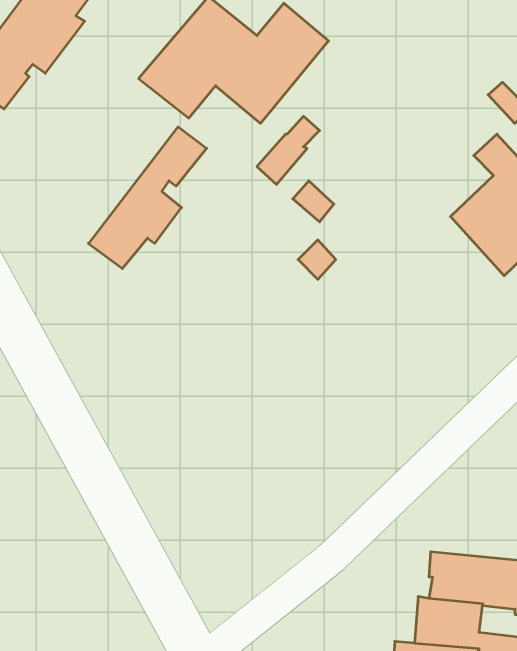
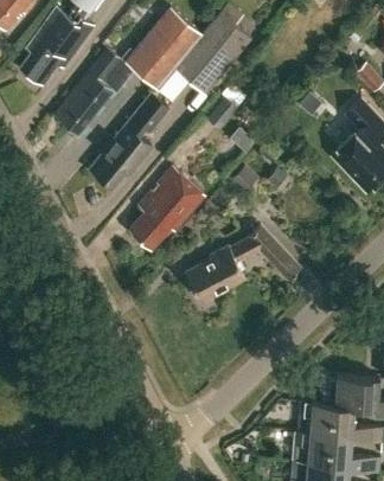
building: none -> [58,49,136,134]
building: none -> [133,171,205,249]
building: none -> [185,226,300,302]

